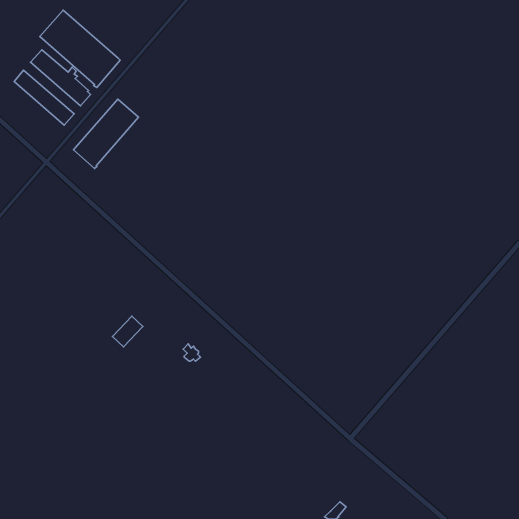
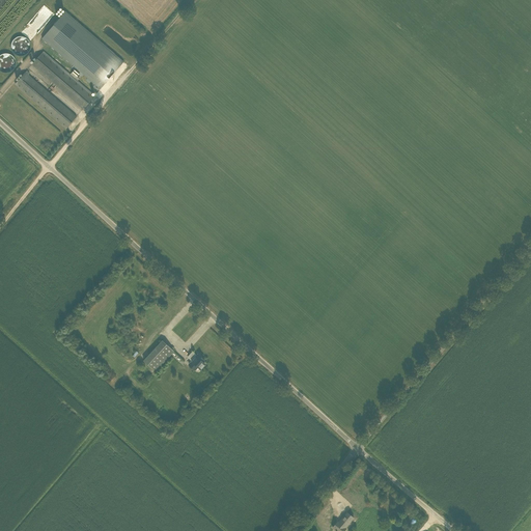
building: [74,99,139,169] -> none
building: [112,316,143,347] -> [142,339,173,370]

